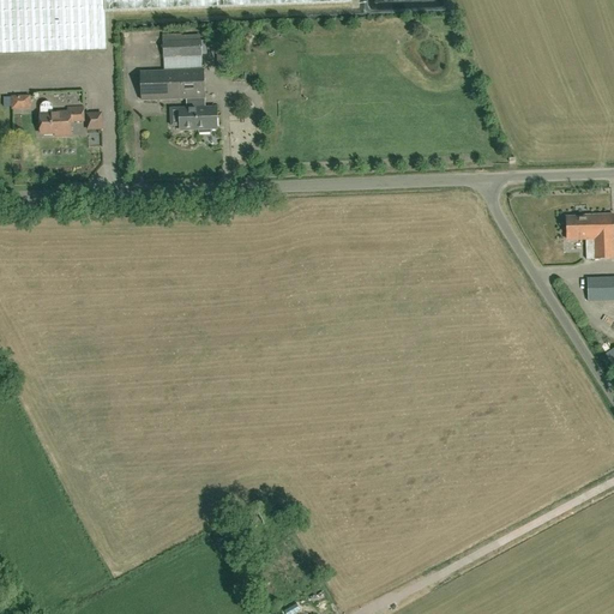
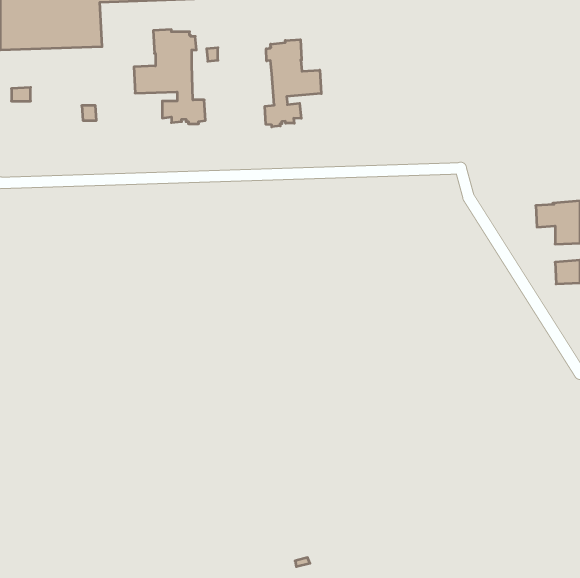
building: none -> [265,40,321,127]
building: [40,100,84,133] -> none

